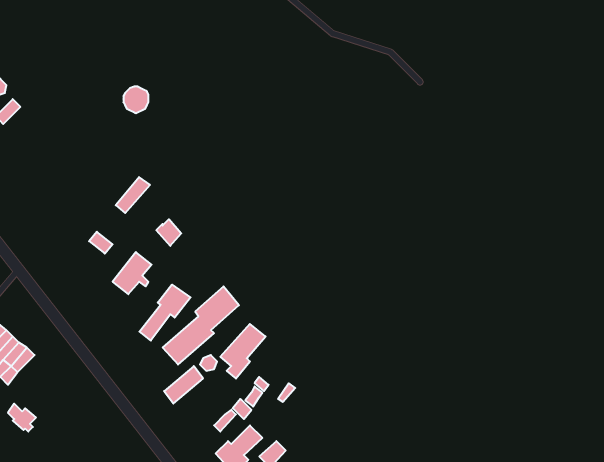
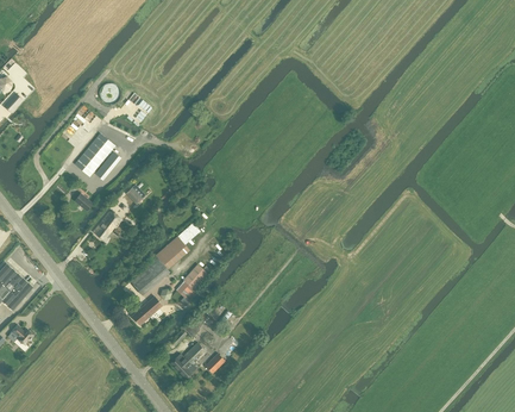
building: none -> [75,133,115,176]
building: [139,285,191,341] -> none

